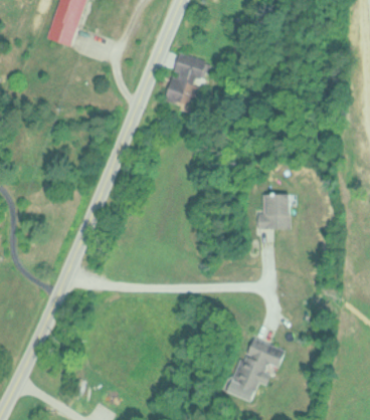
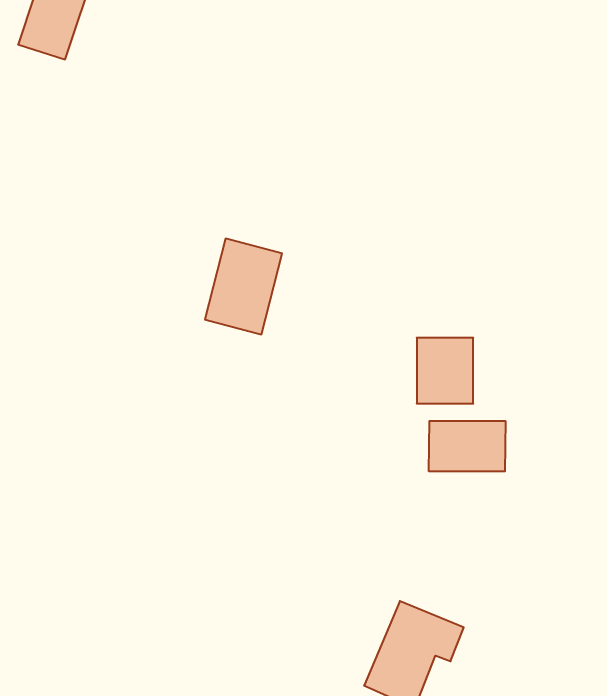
building: [163,59,204,111] -> [205,239,282,334]
building: none -> [429,421,505,471]

